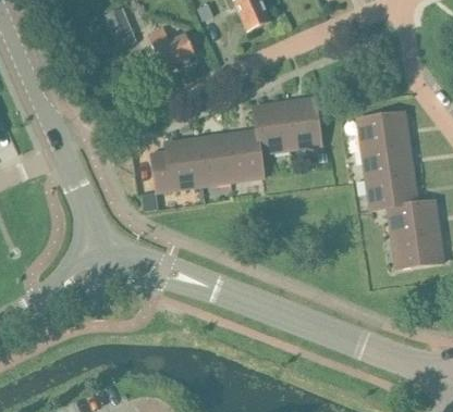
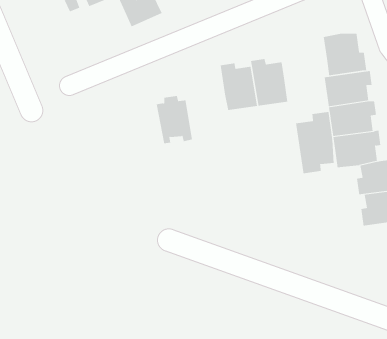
building: none -> [323,33,367,76]
building: [219,132,264,180] -> none
building: [151,139,196,190] -> none
building: none -> [295,111,334,174]

